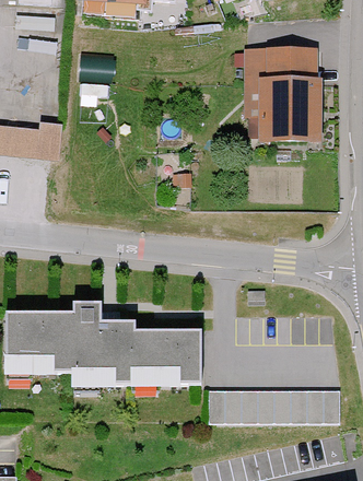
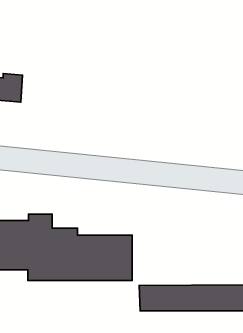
building: [245,48,321,149] -> none

